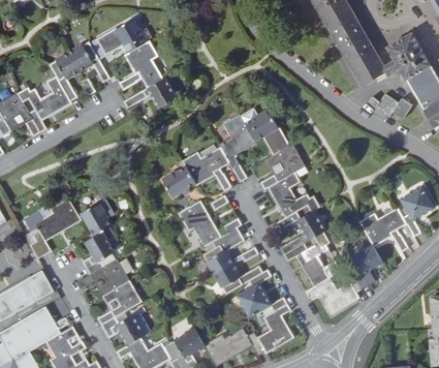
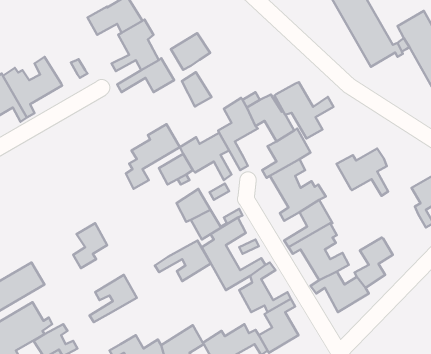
building: [48,40,109,100] -> none
building: none -> [171,33,210,70]
building: none -> [182,72,212,107]
building: [368,93,412,119] -> none
building: none -> [274,82,333,139]
building: [29,198,80,259] -> [126,124,180,189]
building: [81,203,109,235] -> none
building: [358,207,407,251] -> [336,149,388,196]
building: [76,258,129,297] -> [155,240,211,281]
building: [101,315,144,345] -> none

